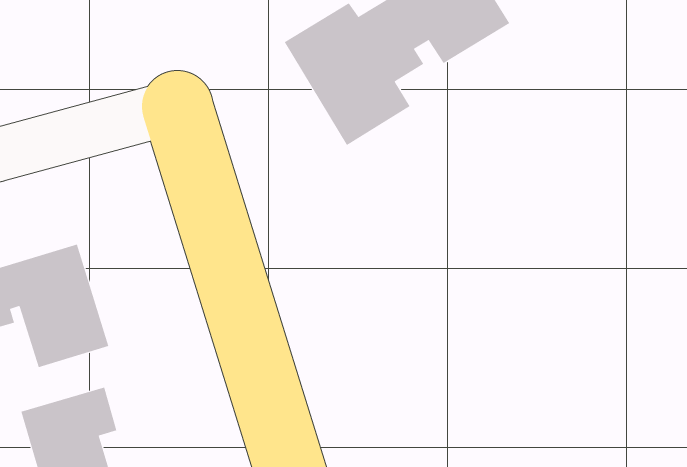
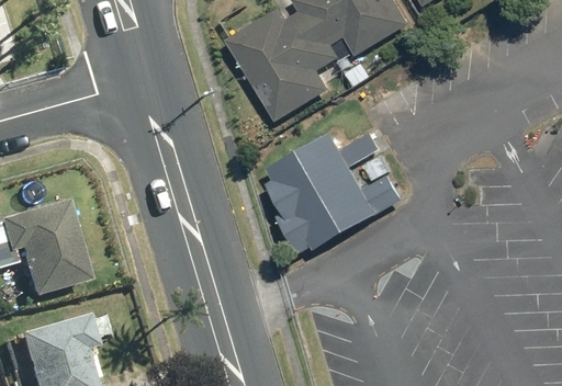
building: none -> [270,129,389,250]

